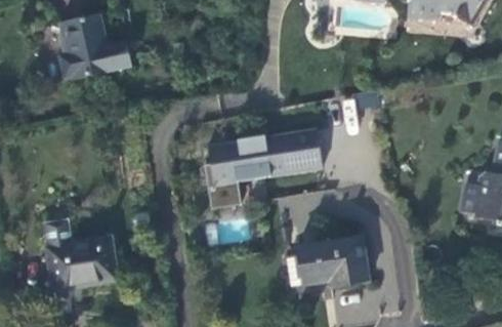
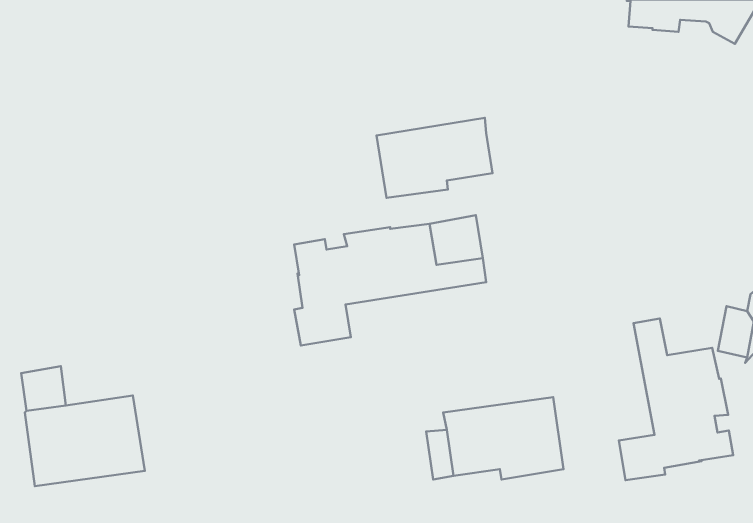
building: [60,15,132,80] -> none
building: none -> [376,118,492,198]
building: none -> [619,319,733,480]

